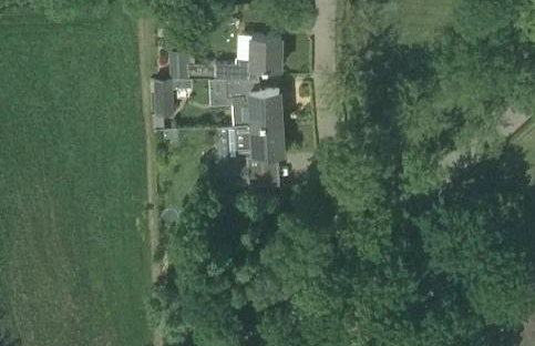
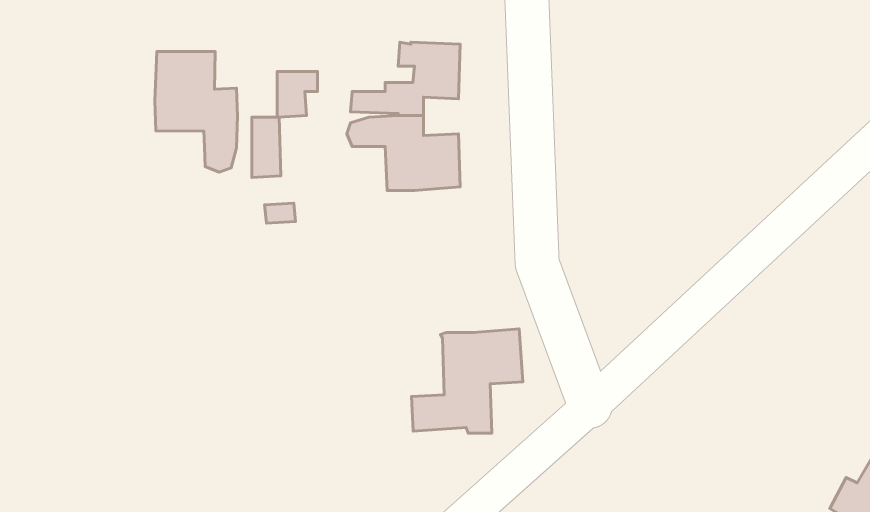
building: none -> [155,51,237,172]
building: [217,128,285,191] -> [411,329,523,433]

